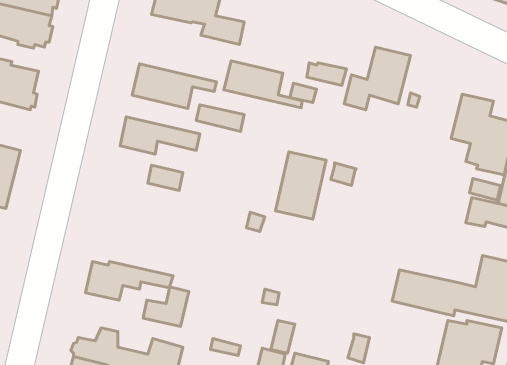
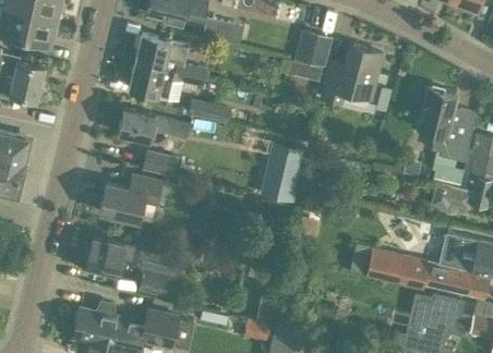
building: none -> [297,29,334,66]
building: [224,61,302,108] -> [136,35,207,77]
building: none -> [99,175,163,223]

